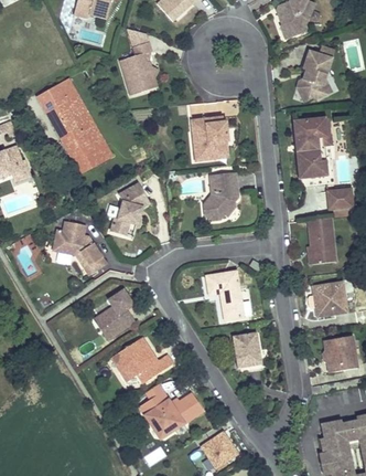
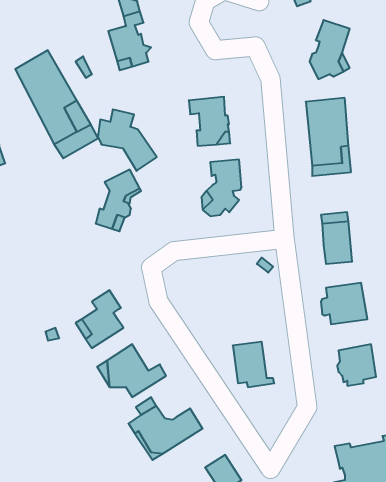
building: [326,190,352,211] -> none
building: [55,220,107,274] -> [98,109,157,171]
building: [205,271,244,320] -> none

